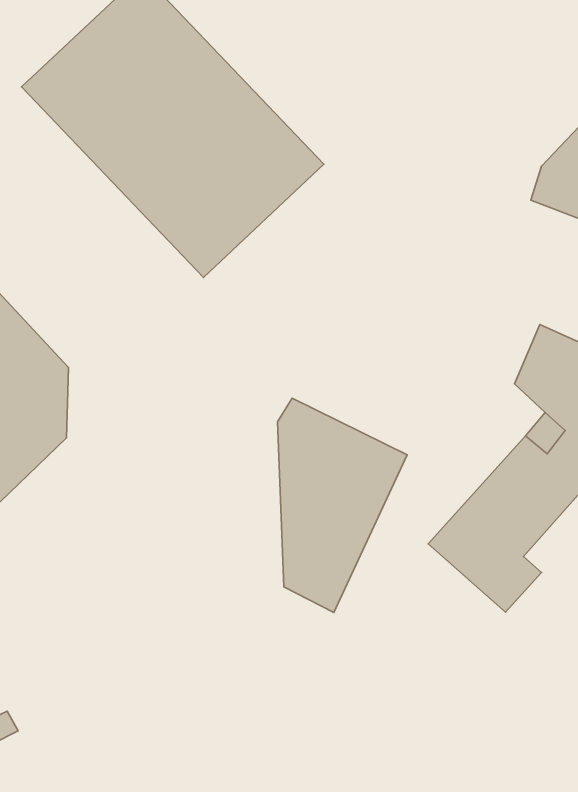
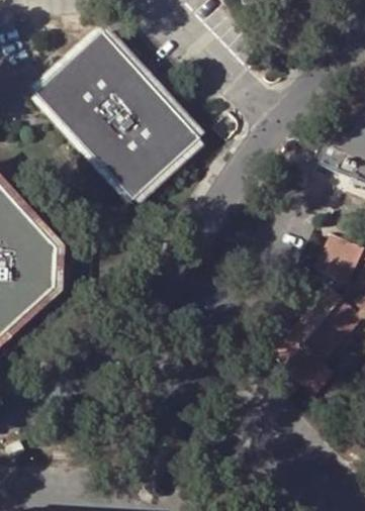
building: [277,398,407,613] -> none

